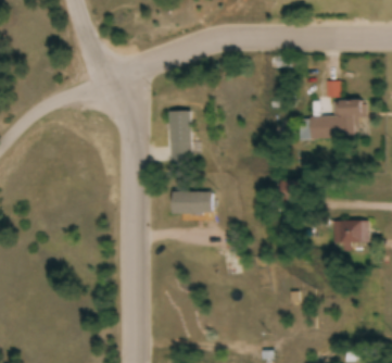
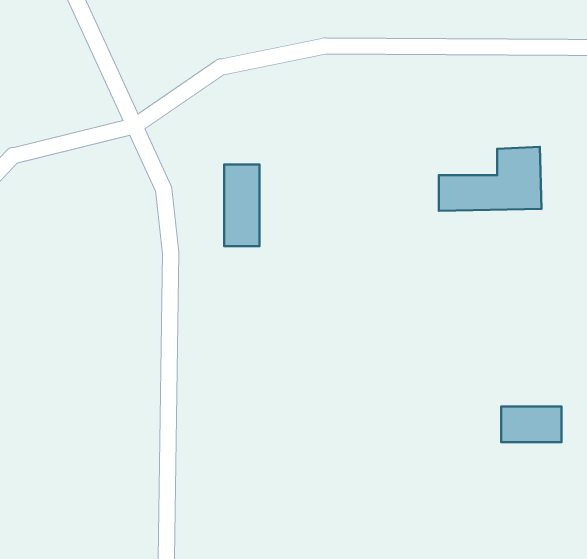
building: [172,191,213,213] -> none
building: [333,221,370,242] -> [501,407,562,442]

